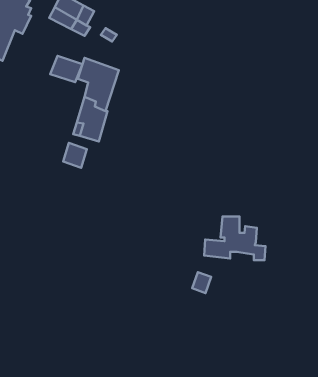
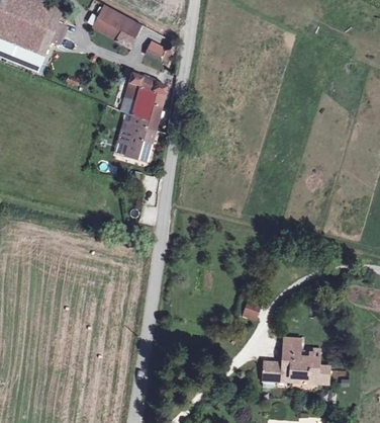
building: [50,56,82,82] -> none
building: [63,143,87,168] -> none
building: [204,216,265,260] -> [268,337,332,384]

